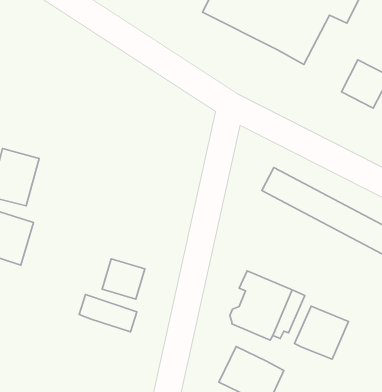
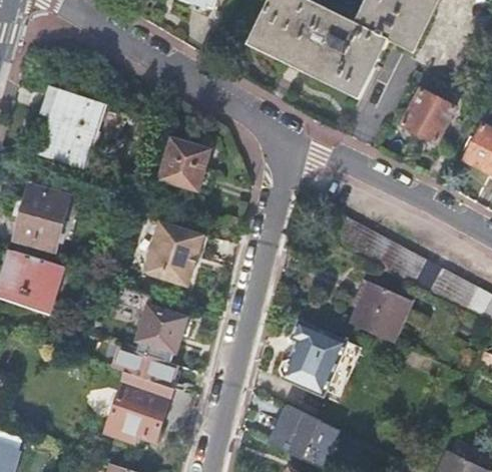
building: none -> [37,87,129,166]
building: none -> [159,139,209,189]
building: none -> [143,221,203,286]
building: [295,306,349,359] -> [351,282,410,340]
building: none -> [106,373,171,442]

